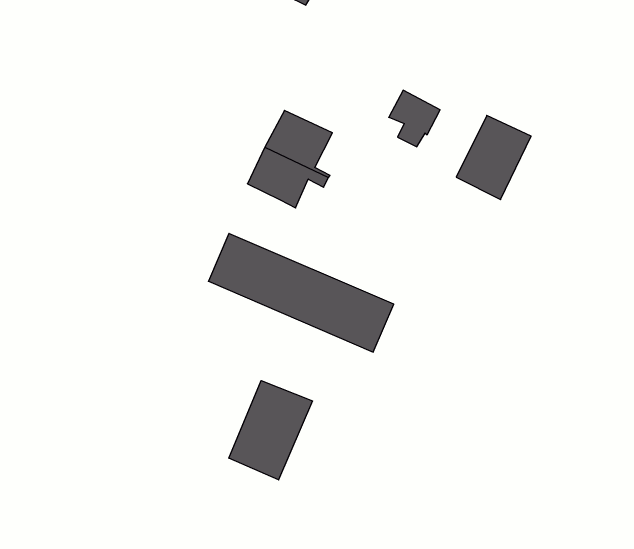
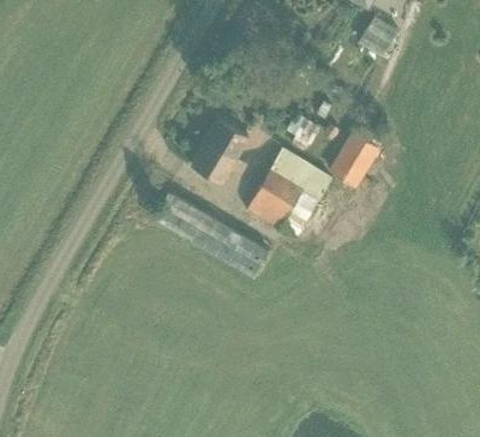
building: none -> [245,146,331,235]
building: [229,381,312,480] -> none

